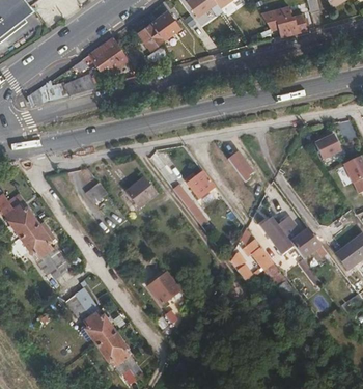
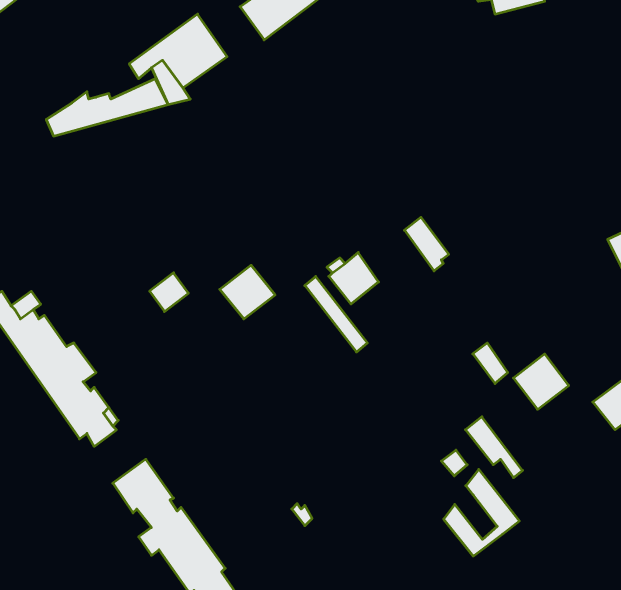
building: [315,133,342,159] -> none
building: [230,233,273,282] -> [444,469,519,556]
building: [147,273,180,305] -> none

